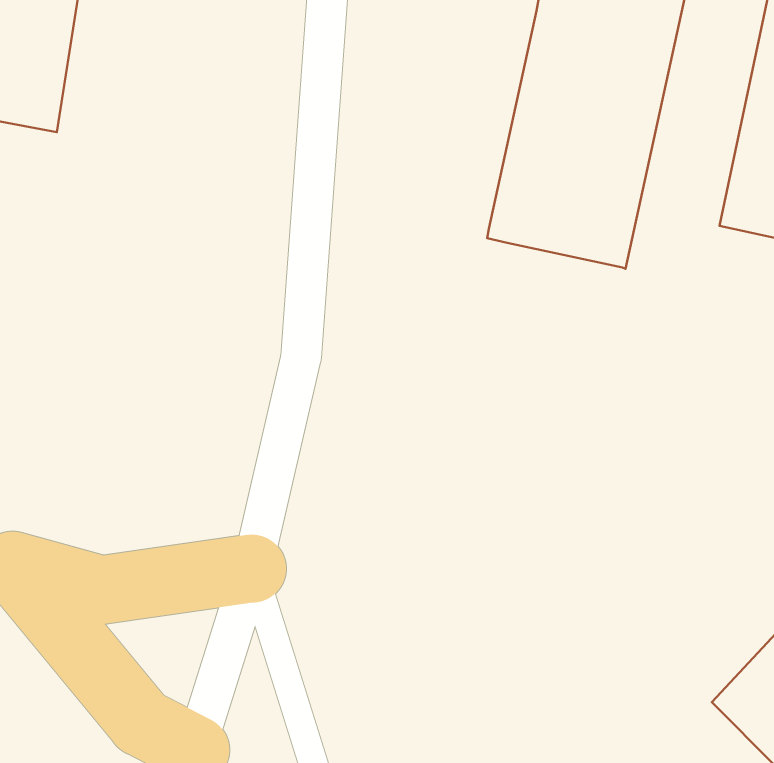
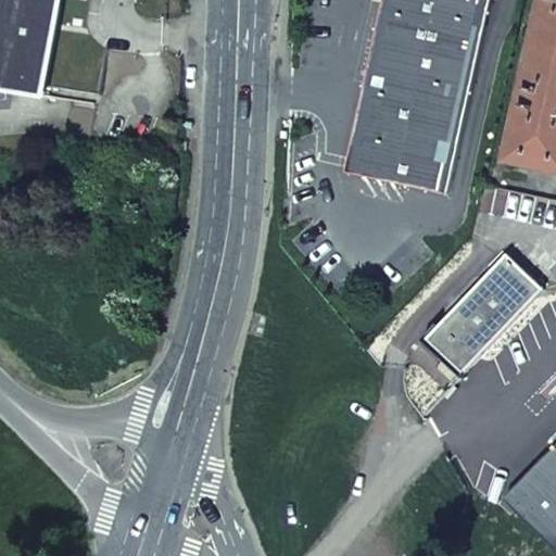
building: none -> [425,253,540,371]

